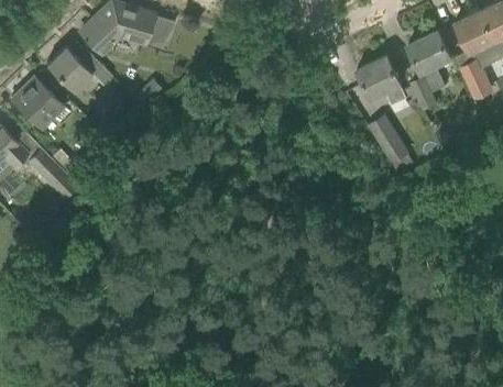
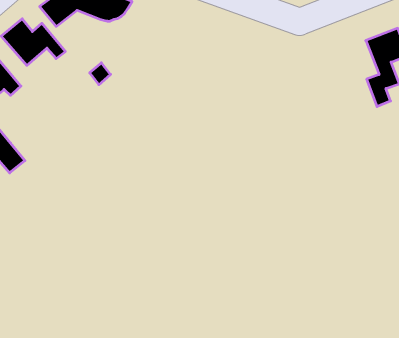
building: [357,55,405,104] -> none
building: [367,114,408,165] -> none

